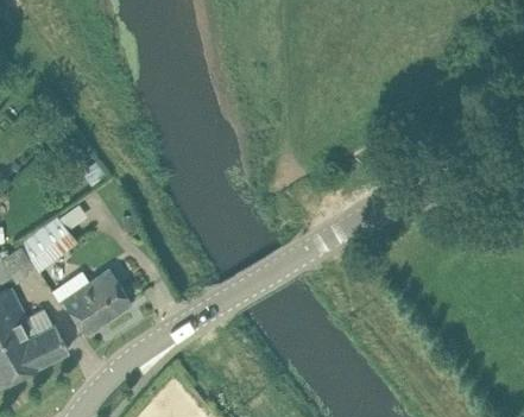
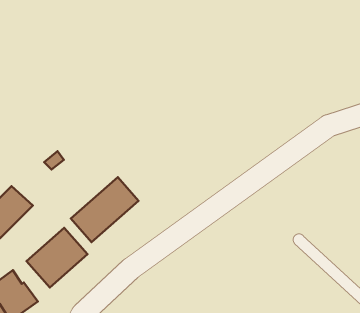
building: none -> [71,177,138,242]

